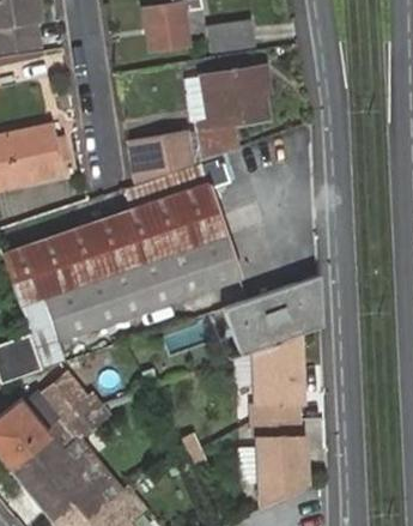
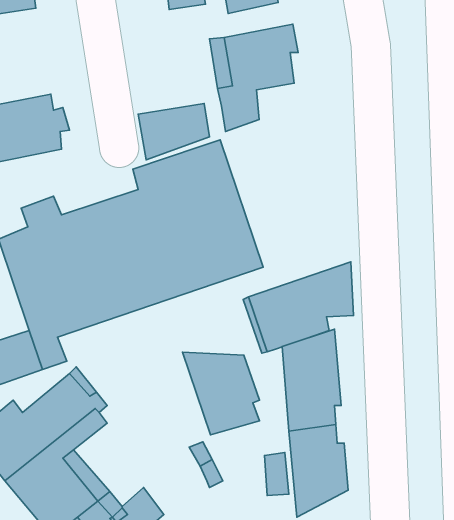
building: none -> [183,352,260,435]

